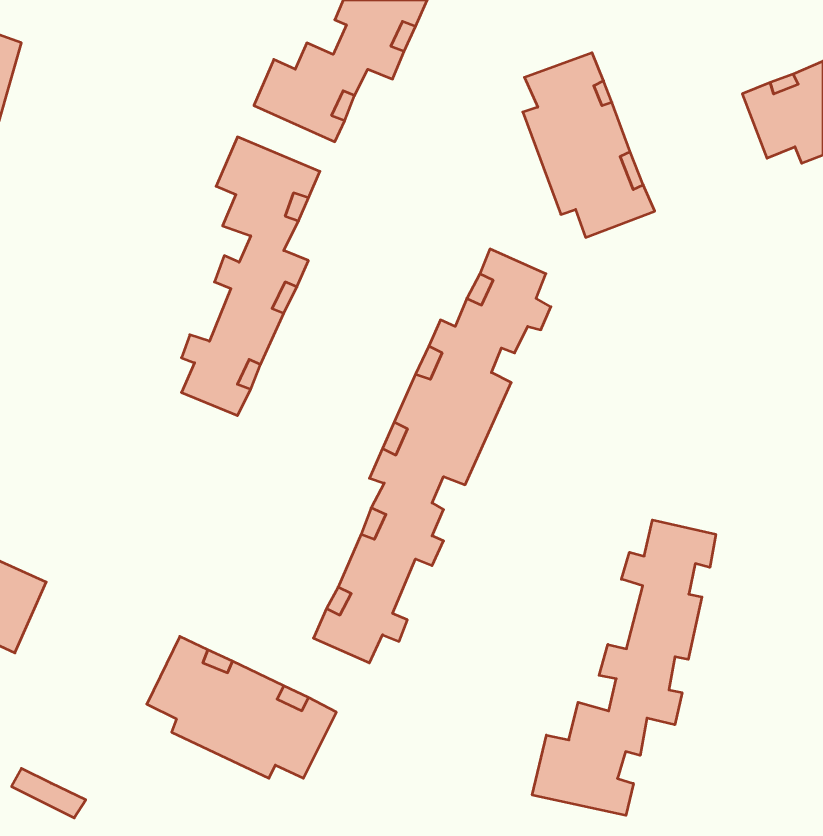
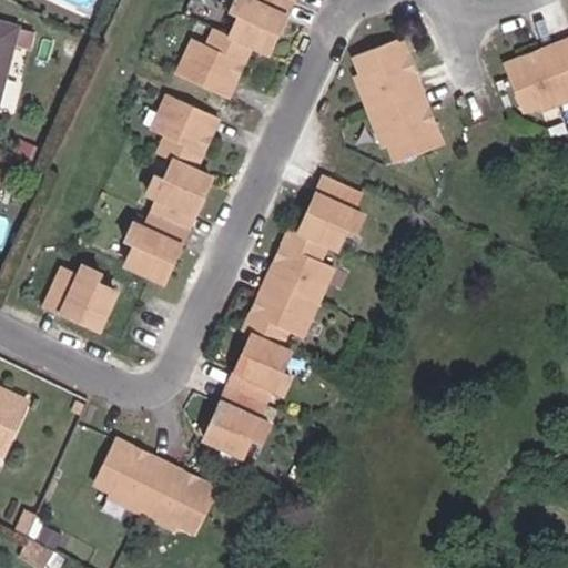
building: none -> [45,261,114,322]
building: [532,520,716,815] -> none

